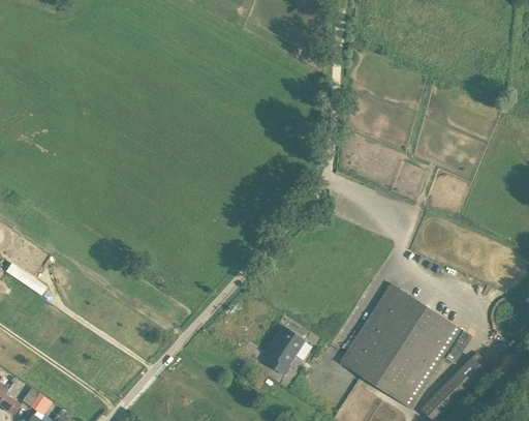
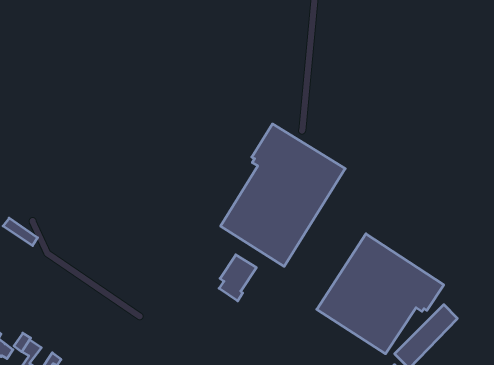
building: none -> [221,124,345,266]
building: [263,327,303,375] -> [219,255,256,301]

